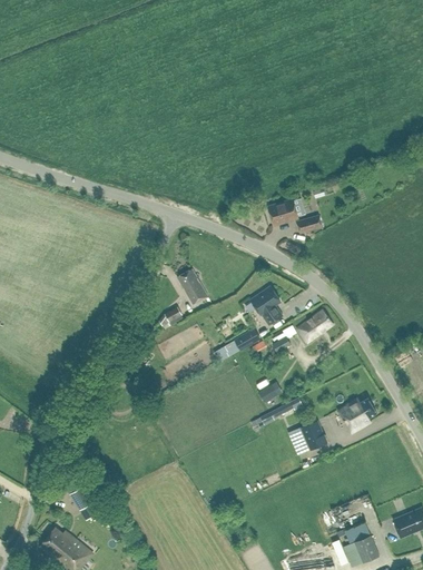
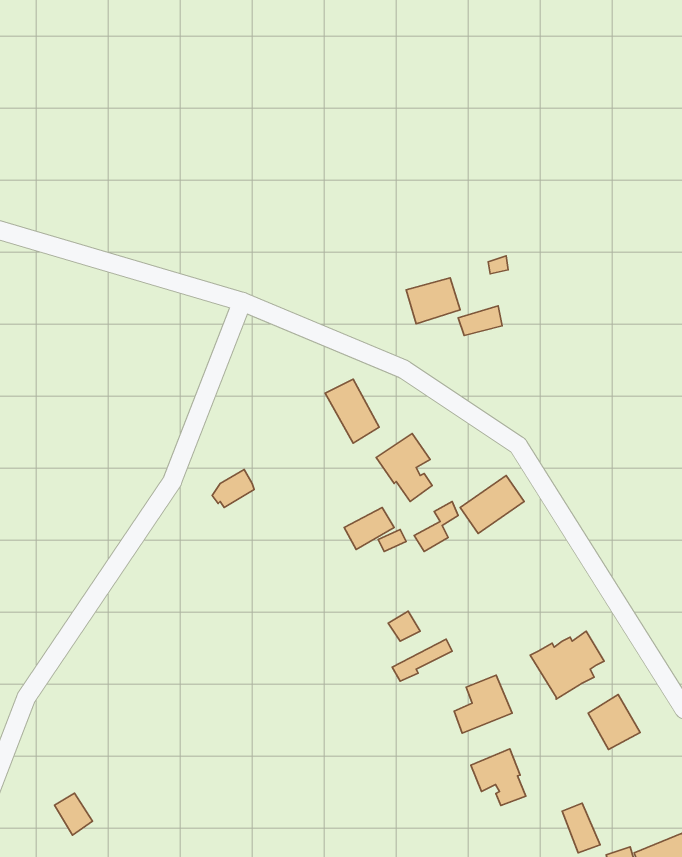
building: [177,268,207,304] -> [325,379,379,443]
building: none -> [588,695,640,749]
building: none -> [471,749,526,806]

